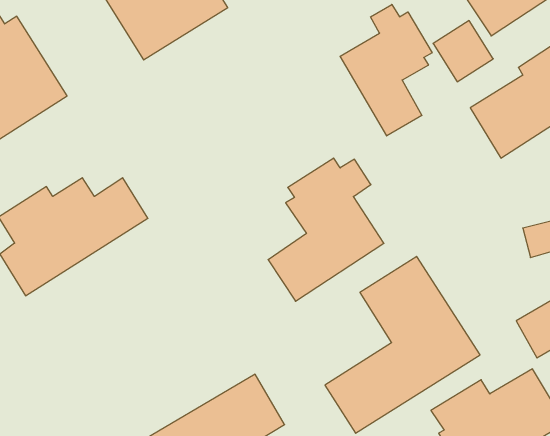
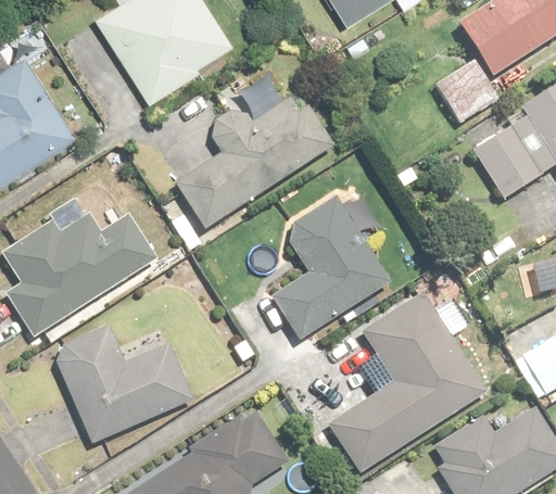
building: [340,4,432,136] -> none
building: none -> [176,85,330,227]
building: none -> [53,326,193,442]

